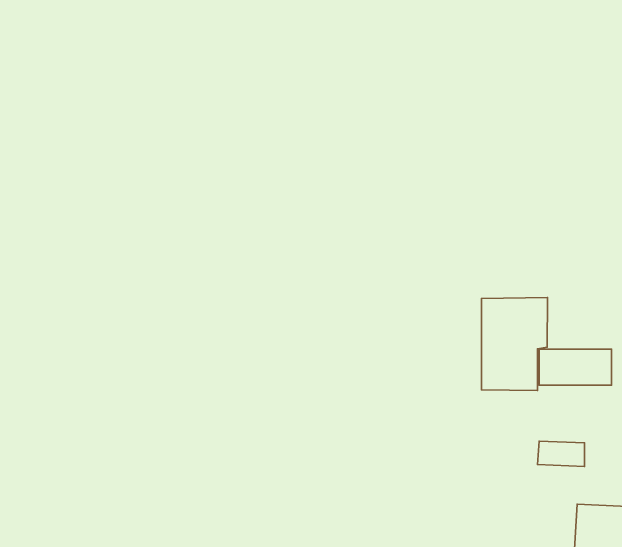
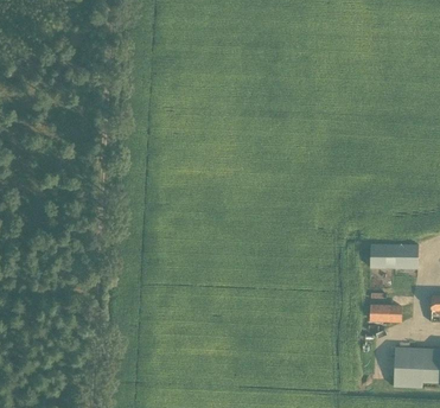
building: [481,298,547,390] -> none

